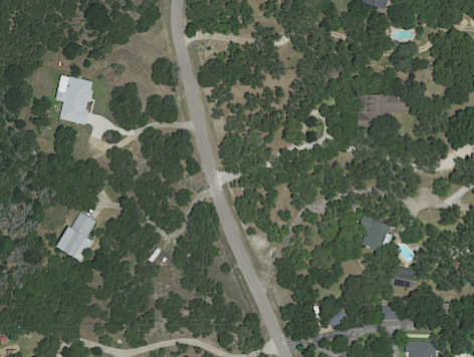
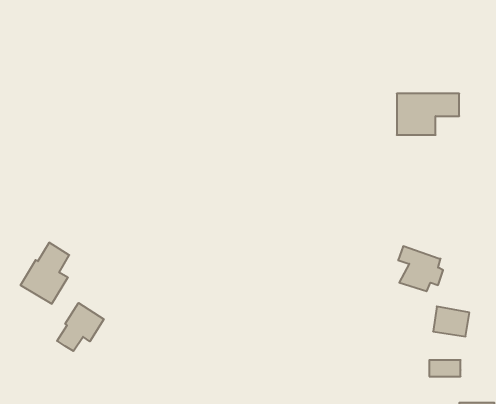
building: [60,76,93,124] -> none
building: none -> [57,303,104,351]

